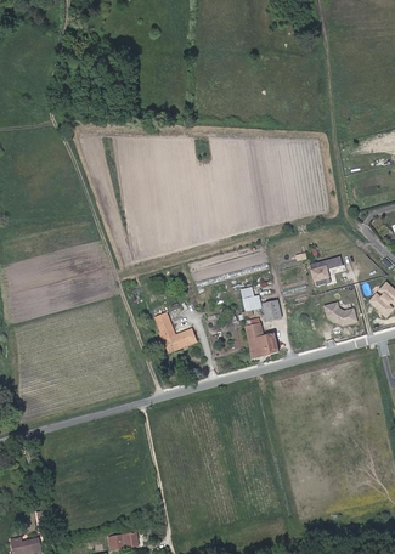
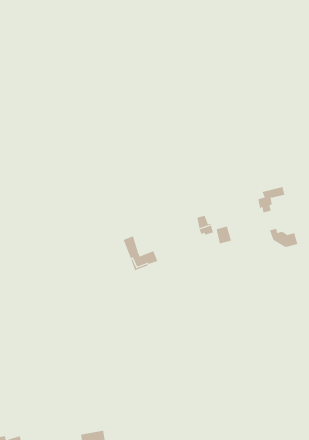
building: [244,322,278,357] -> none

